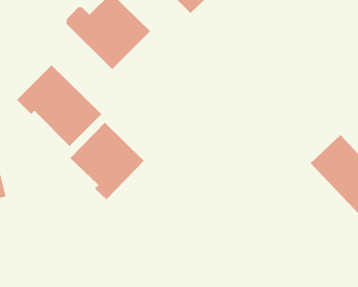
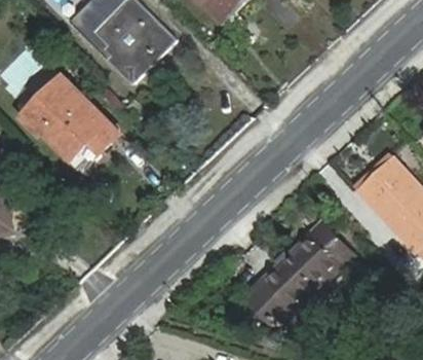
building: [70,122,144,200] -> none
building: none -> [243,220,352,324]

